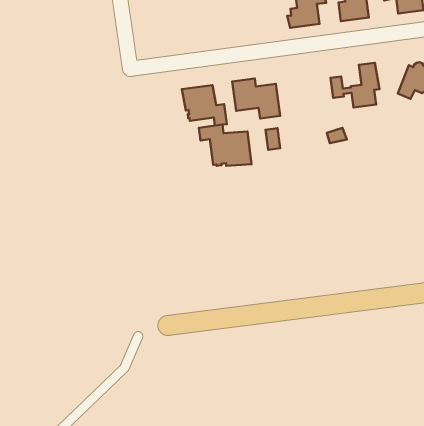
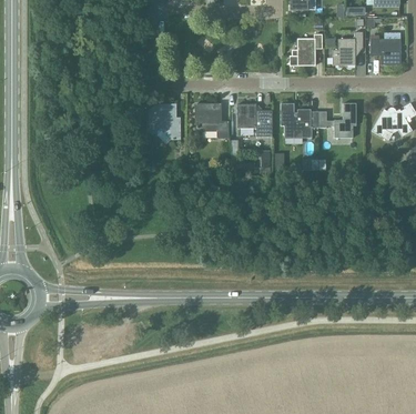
building: none -> [281,102,318,137]
building: none -> [148,103,181,139]
building: [199,125,252,166] -> none

